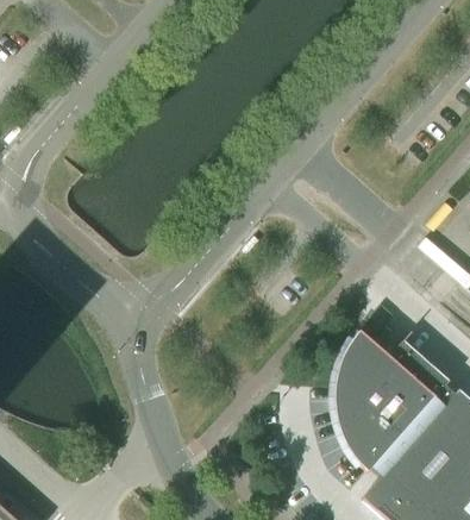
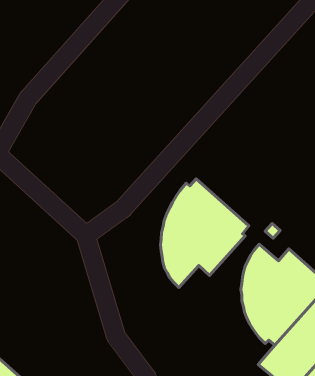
building: none -> [160,179,249,287]

